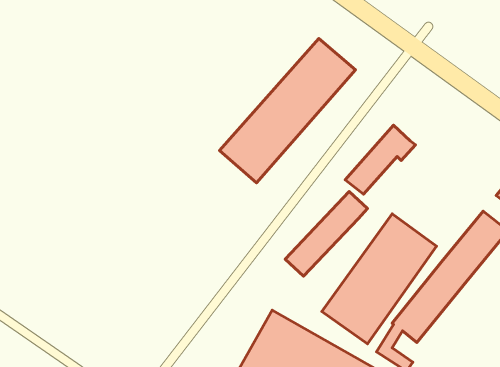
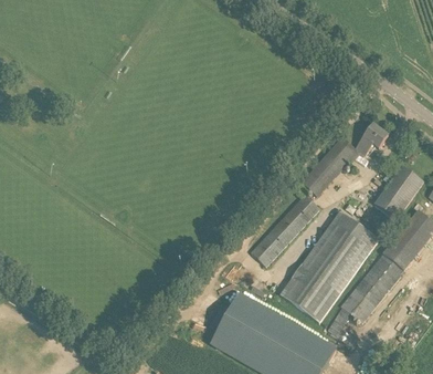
building: [219,39,356,183] -> none
building: none -> [356,123,388,153]
building: none -> [374,165,423,218]

